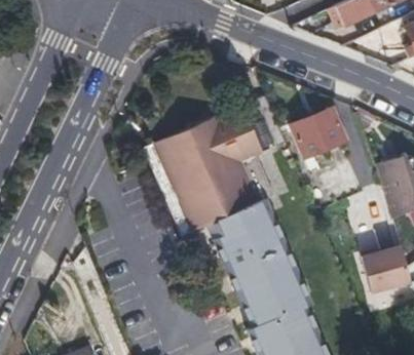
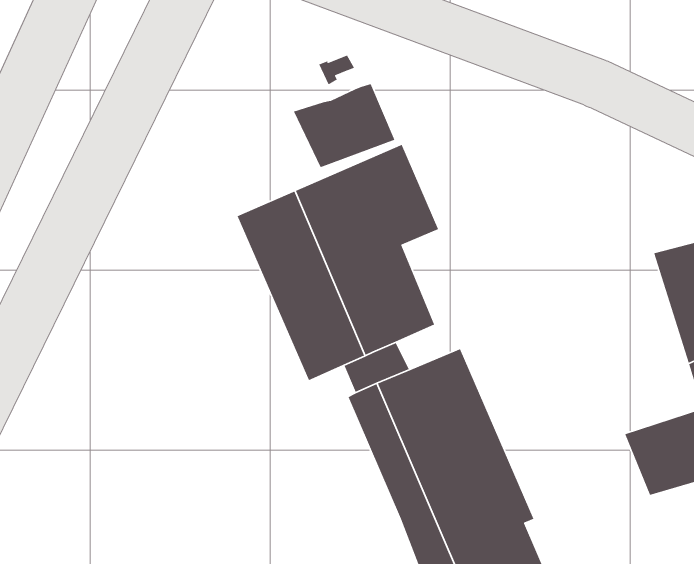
building: none -> [293,83,395,168]
building: [297,108,346,153] -> none

